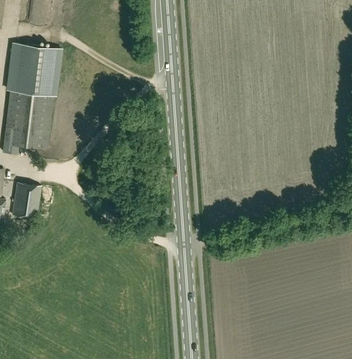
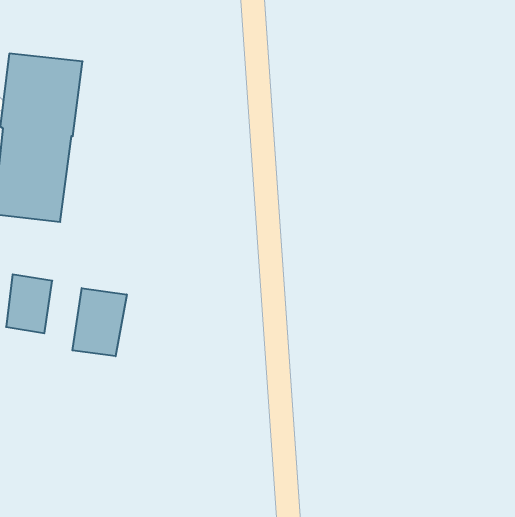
building: none -> [72,288,127,356]

